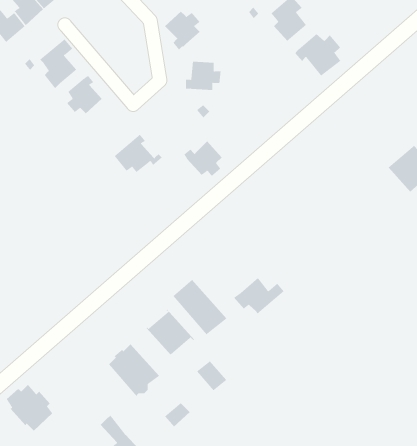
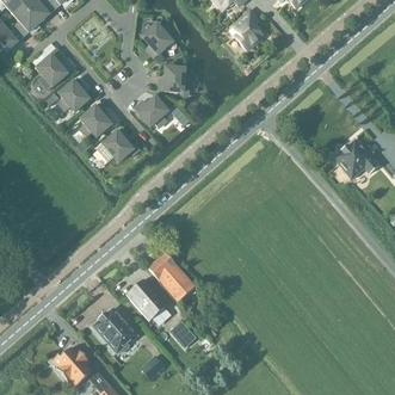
building: [294,33,341,76] -> none
building: none -> [81,103,111,136]
building: [183,141,223,177] -> [135,95,168,126]
building: [233,277,284,315] -> none
building: [6,384,53,431] -> [53,345,93,385]

